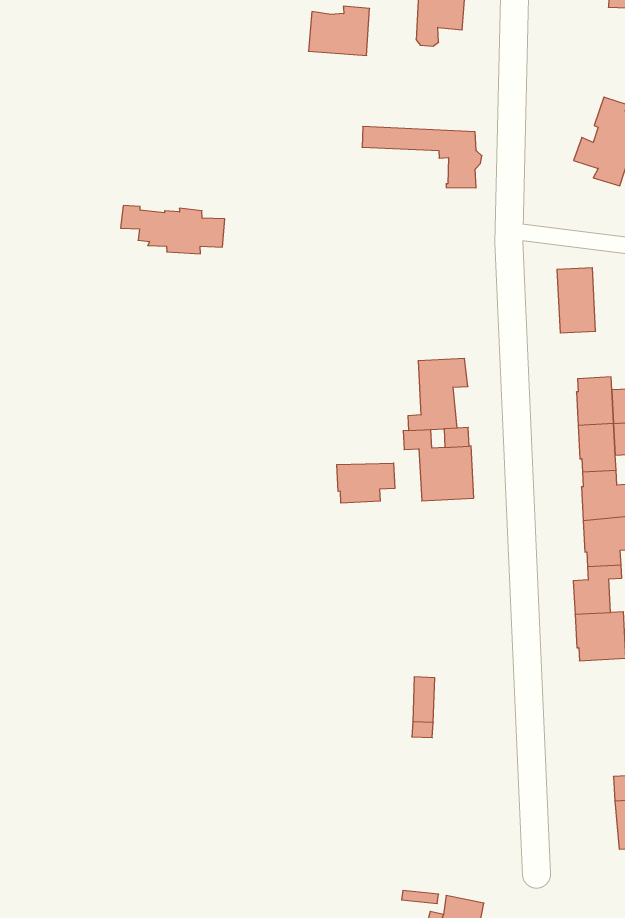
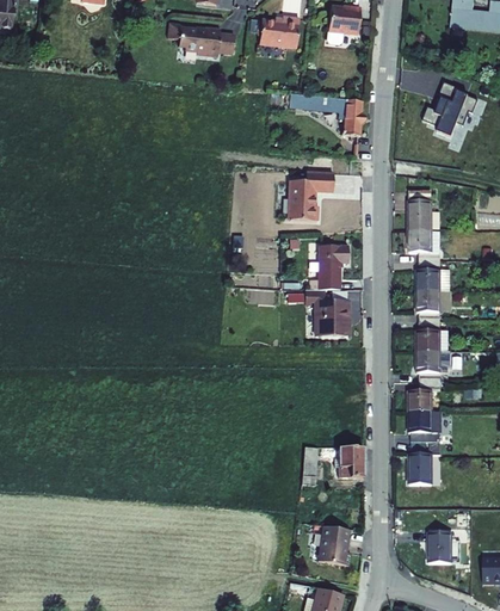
building: [121,206,225,254] -> [167,23,234,56]
building: none -> [288,172,333,220]
building: none -> [409,232,440,261]
building: [337,463,395,503] -> none
building: none -> [334,446,363,476]
building: none -> [409,453,432,486]
building: none -> [317,525,350,564]

